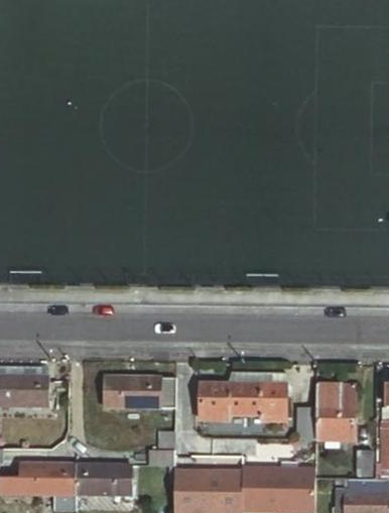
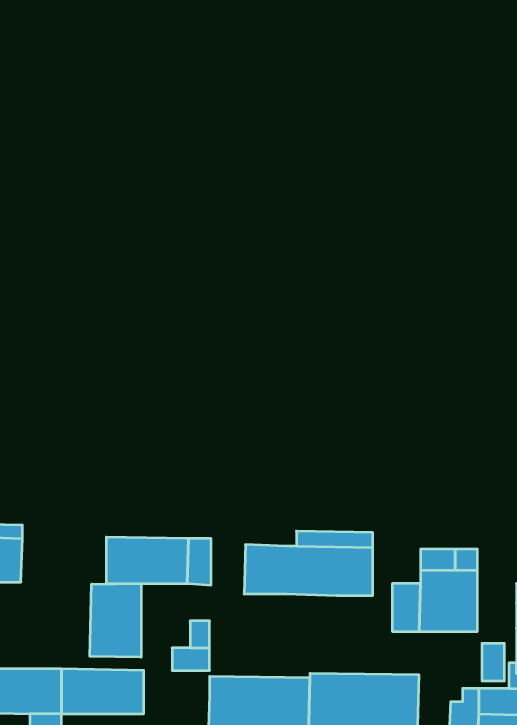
building: none -> [90,584,141,657]

